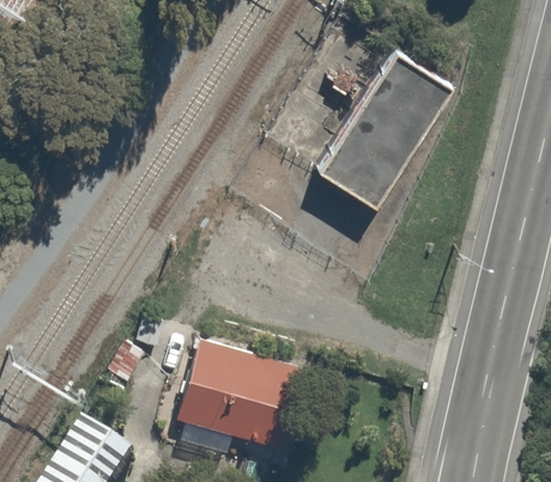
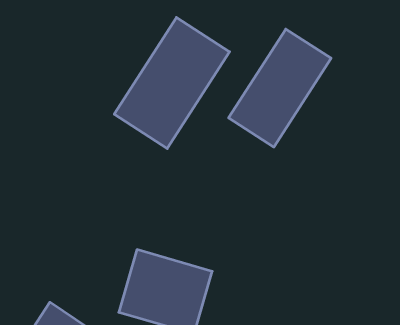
building: none -> [114,17,230,149]

